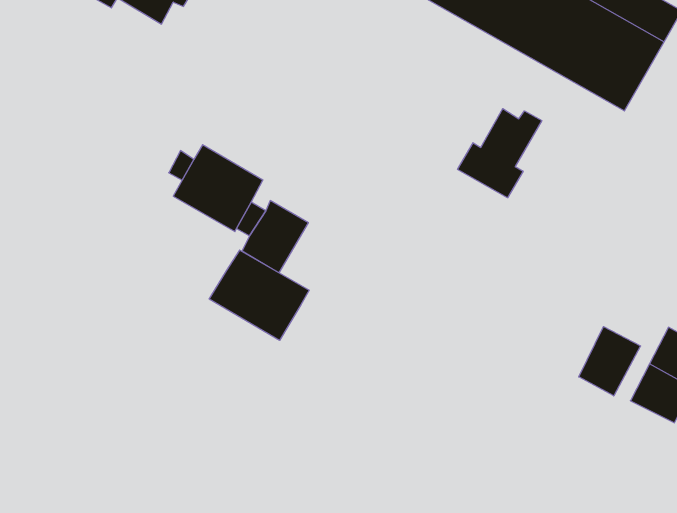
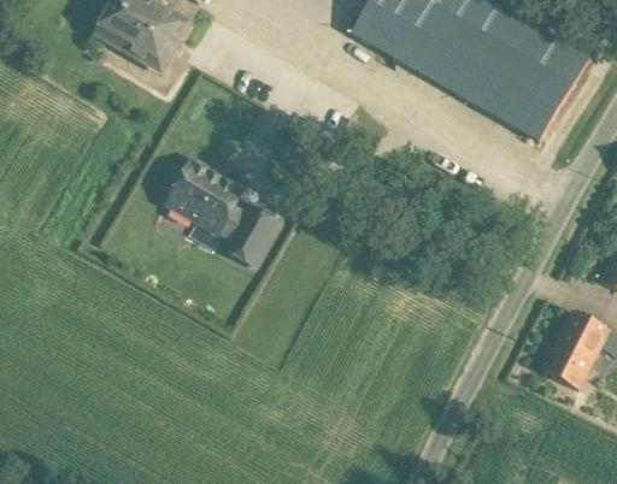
building: [458,109,542,198] -> none
building: [209,250,309,340] -> none
building: [579,327,641,396] -> none

